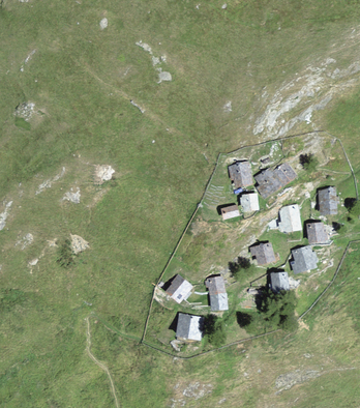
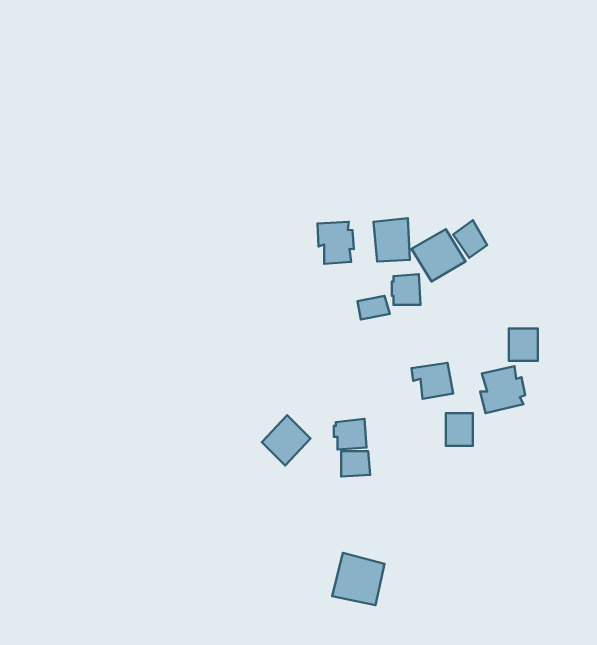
building: none -> [317,222,354,264]
building: [320,188,337,214] -> none
building: [279,205,301,231] -> none
building: [174,311,204,341] -> [332,553,384,605]

